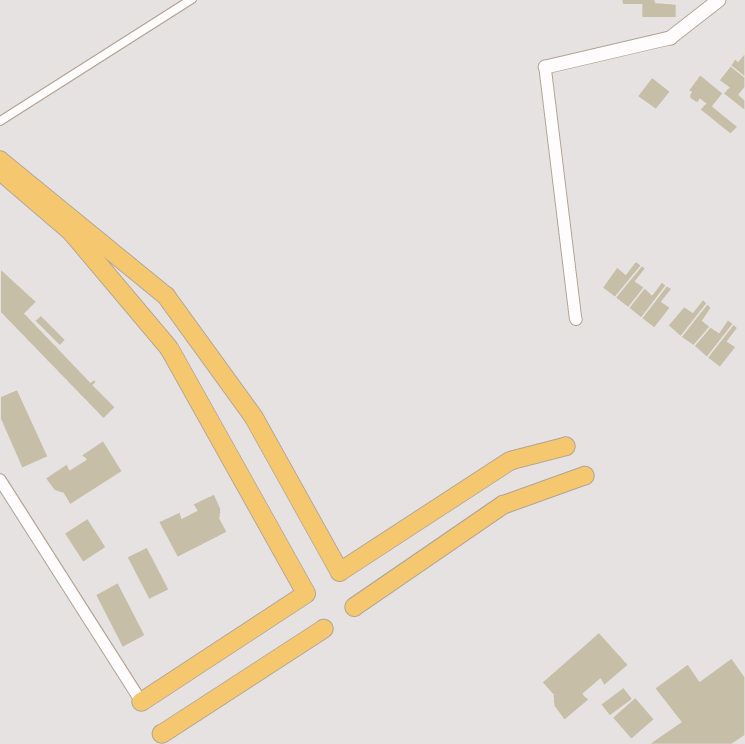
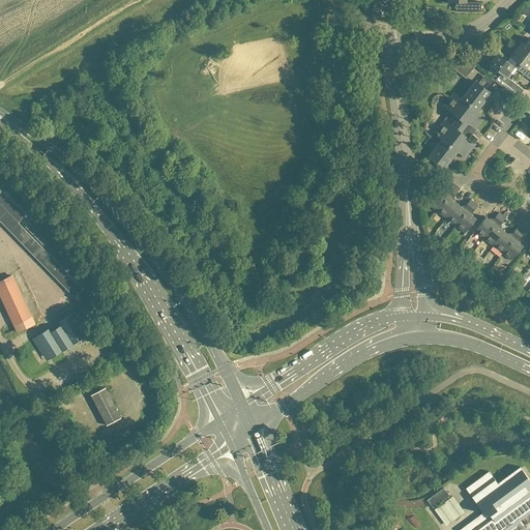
building: none -> [428,81,491,170]
building: [159,494,227,558] -> none
building: [64,518,106,563] -> none
building: [95,583,145,648] -> none
building: [542,632,629,720] -> none

